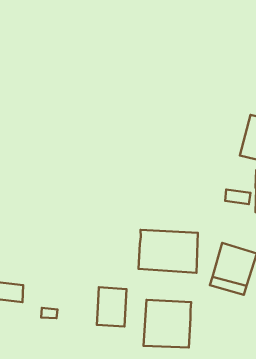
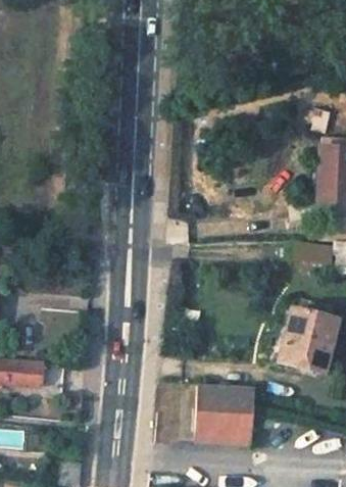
building: [138,230,198,273] -> none
building: [97,287,126,327] -> none

